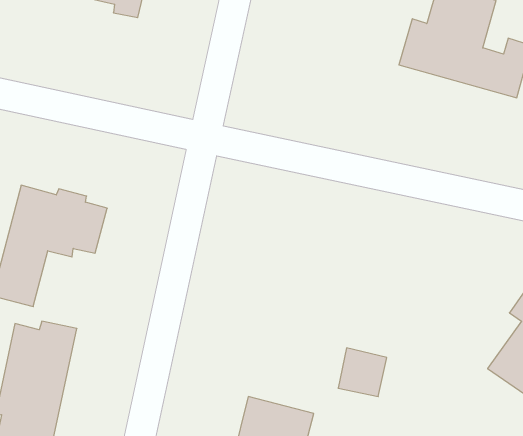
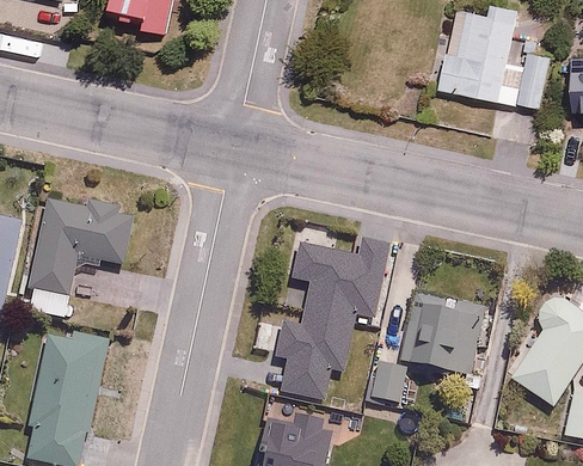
building: none -> [270,228,389,399]
building: none -> [410,298,486,375]

